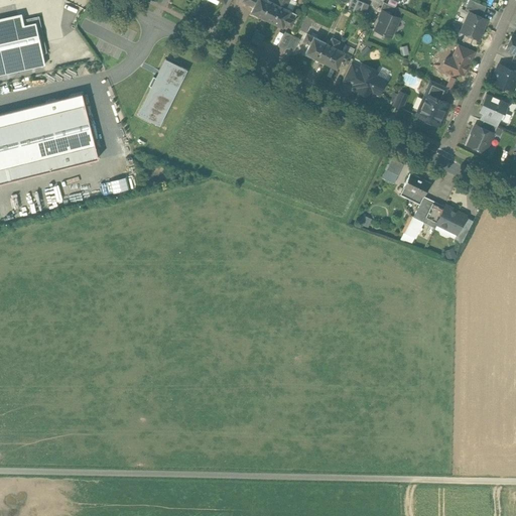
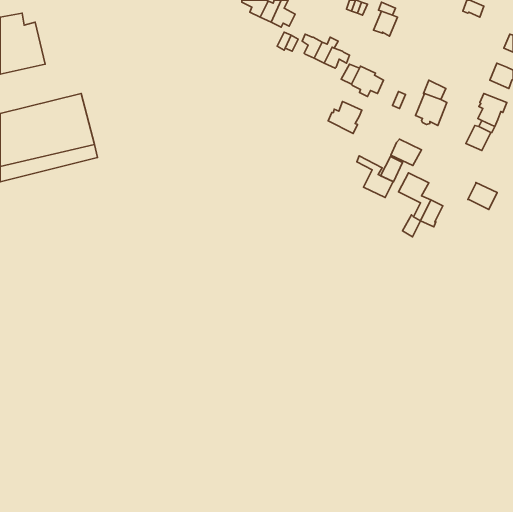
building: [462,13,486,39] -> none
building: [442,45,474,76] -> none
building: [137,59,187,127] -> none
building: none -> [328,102,362,133]
building: none -> [391,139,421,166]
building: none -> [357,156,393,197]
building: [436,207,466,234] -> [468,182,497,210]

